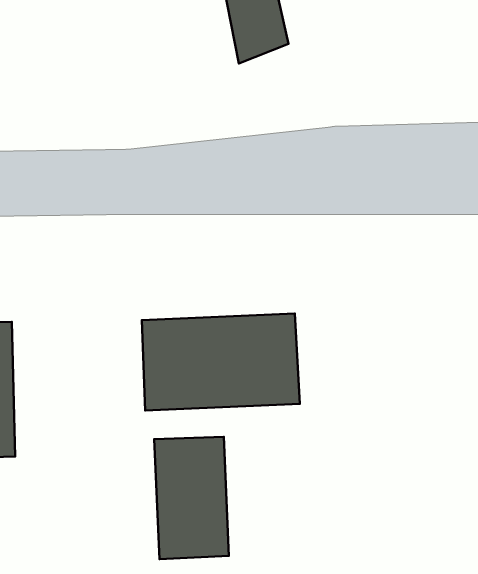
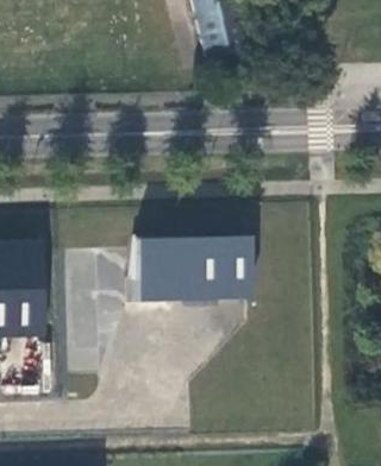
building: [154,437,229,559] -> none

